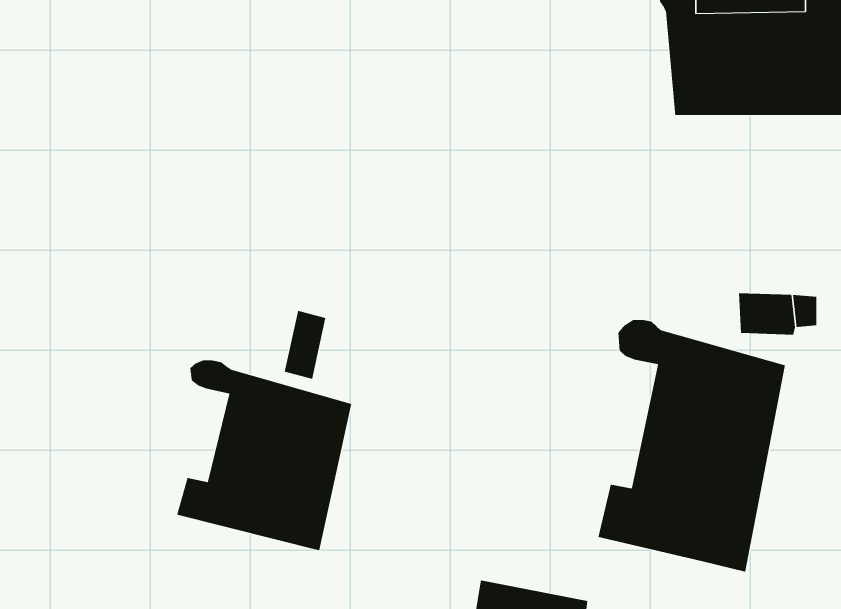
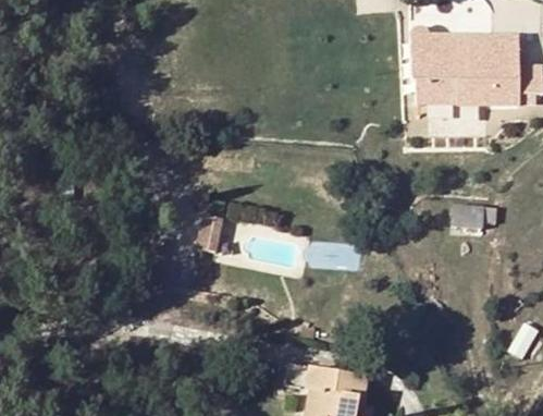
building: [598,319,785,573] -> none
building: [176,360,352,551] -> none

